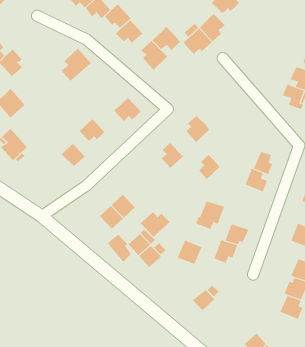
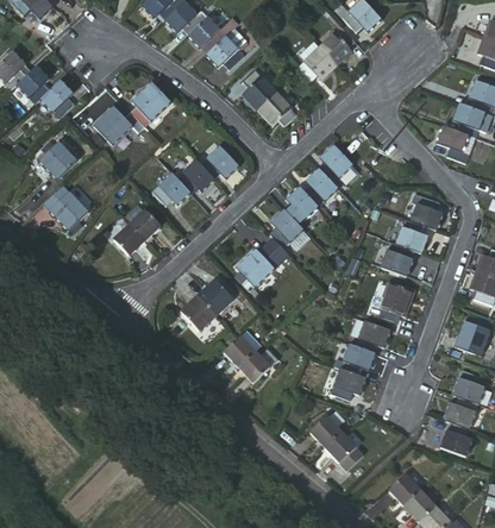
building: [152,26,181,51] -> [258,87,299,121]
building: none -> [89,101,137,142]
building: none -> [319,145,355,183]
building: none -> [177,159,217,193]
building: none -> [414,194,444,230]
building: none -> [113,224,146,256]
building: [198,154,221,180] -> [282,184,313,220]
building: [195,201,225,230] -> [372,283,414,323]
building: [140,211,170,238] -> [240,246,283,283]
building: [107,234,132,262] -> none
building: [177,240,202,265] -> [332,370,368,404]
building: none -> [327,427,368,469]

